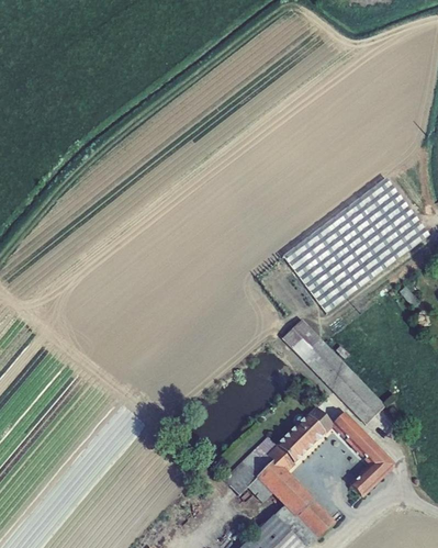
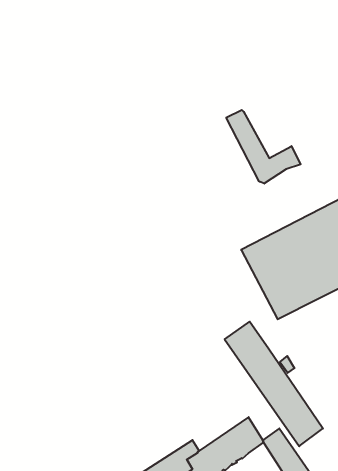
building: none -> [226,110,301,184]

